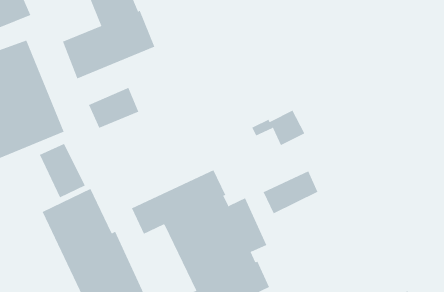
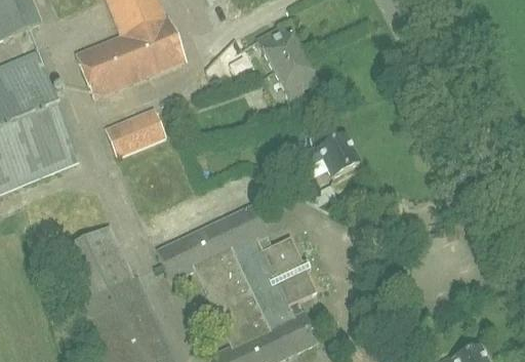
building: none -> [256,29,316,100]
building: [39,143,85,198] -> none
building: [263,171,318,214] -> none

